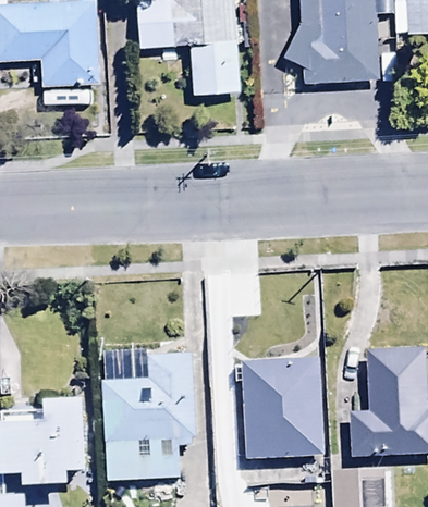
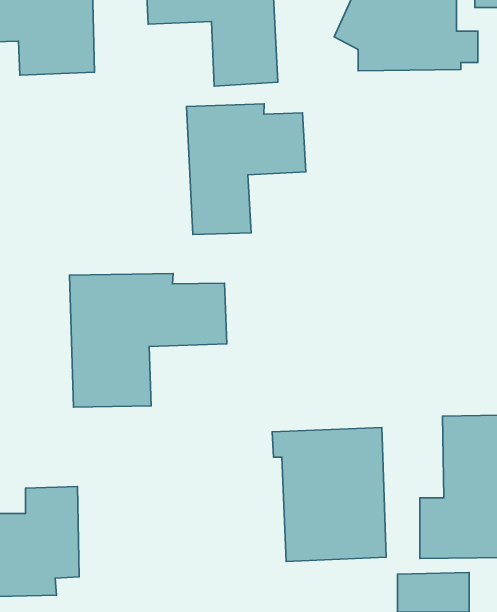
building: none -> [187,104,306,235]
building: none -> [70,274,227,407]
building: [102,353,194,481] -> none

